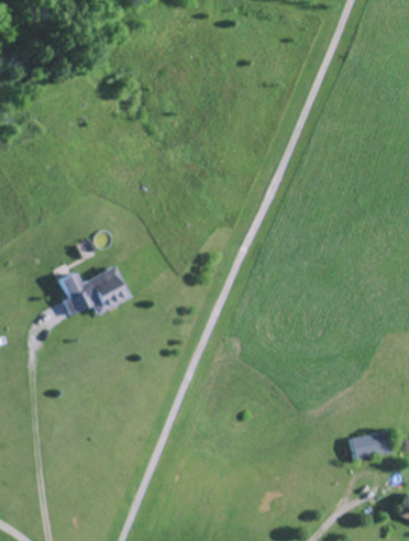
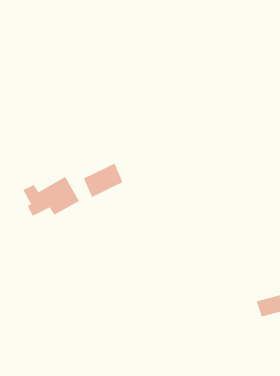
building: none -> [83,163,123,198]

